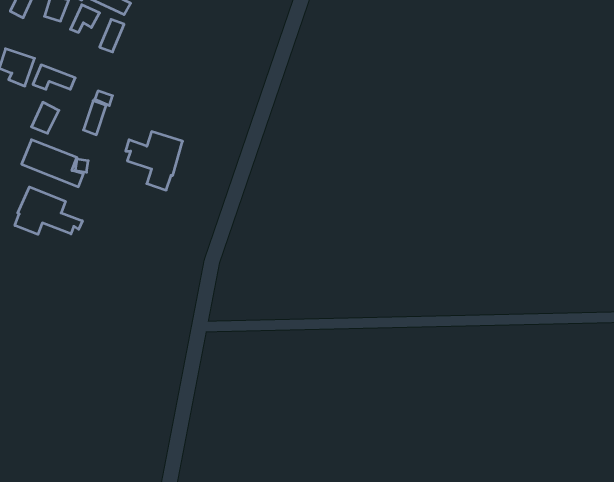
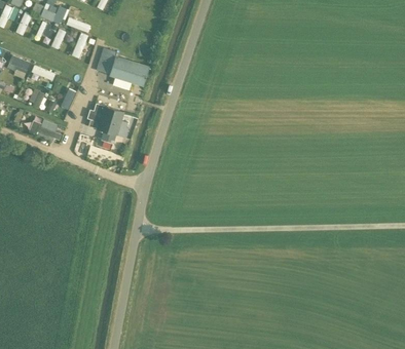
building: none -> [97,47,150,86]
building: [15,187,82,234] -> none

